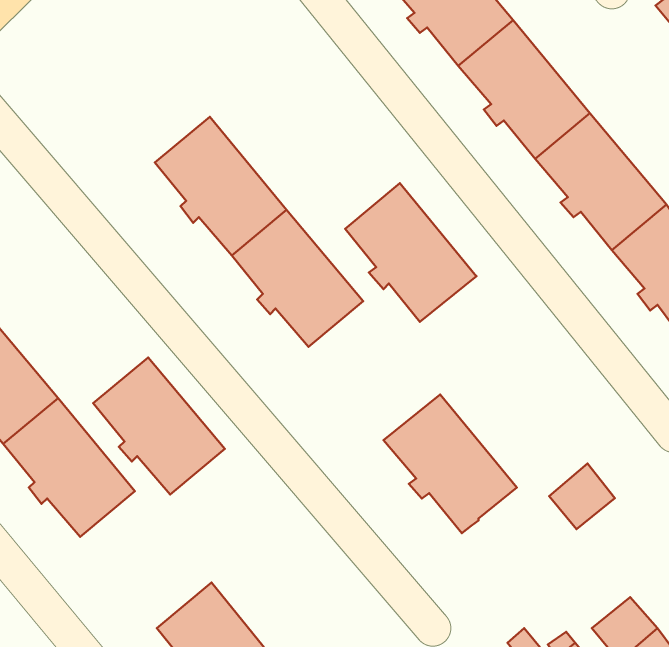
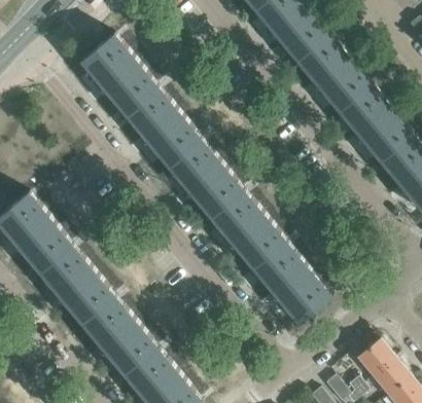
building: none -> [82,35,157,113]
building: [345,183,477,322] -> [213,191,287,269]
building: [93,357,225,494] -> [84,298,159,375]
building: [549,463,615,529] -> [357,338,394,375]

